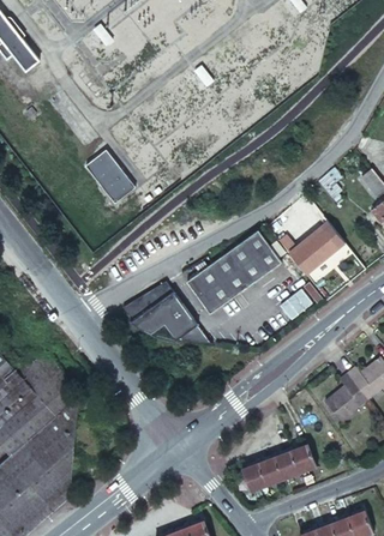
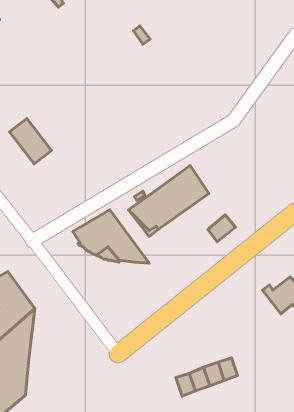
building: [84,151,133,204] -> [9,119,52,164]
building: [289,224,340,272] -> none
building: [320,374,365,427] -> none

